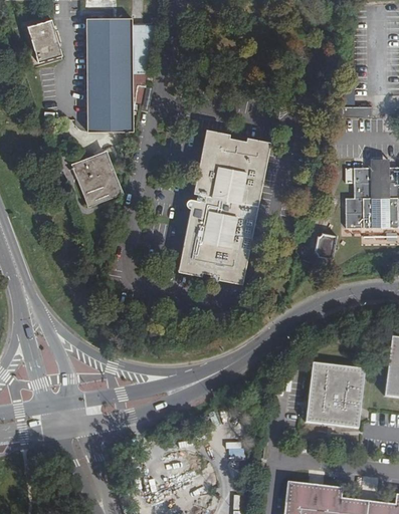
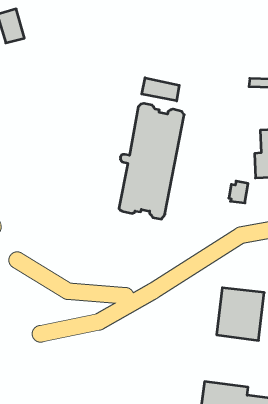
building: [89,17,135,131] -> none
building: none -> [142,78,179,101]
building: [70,151,122,207] -> none

